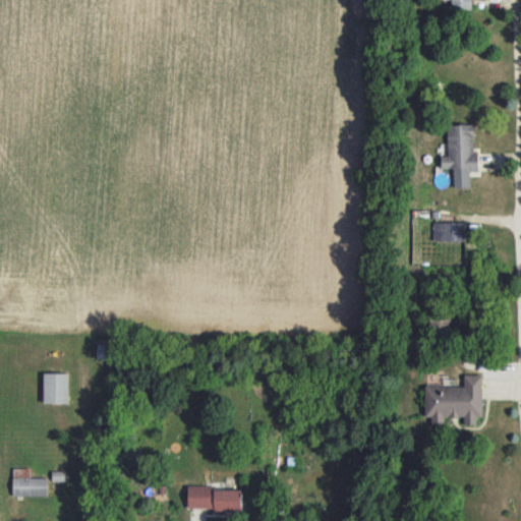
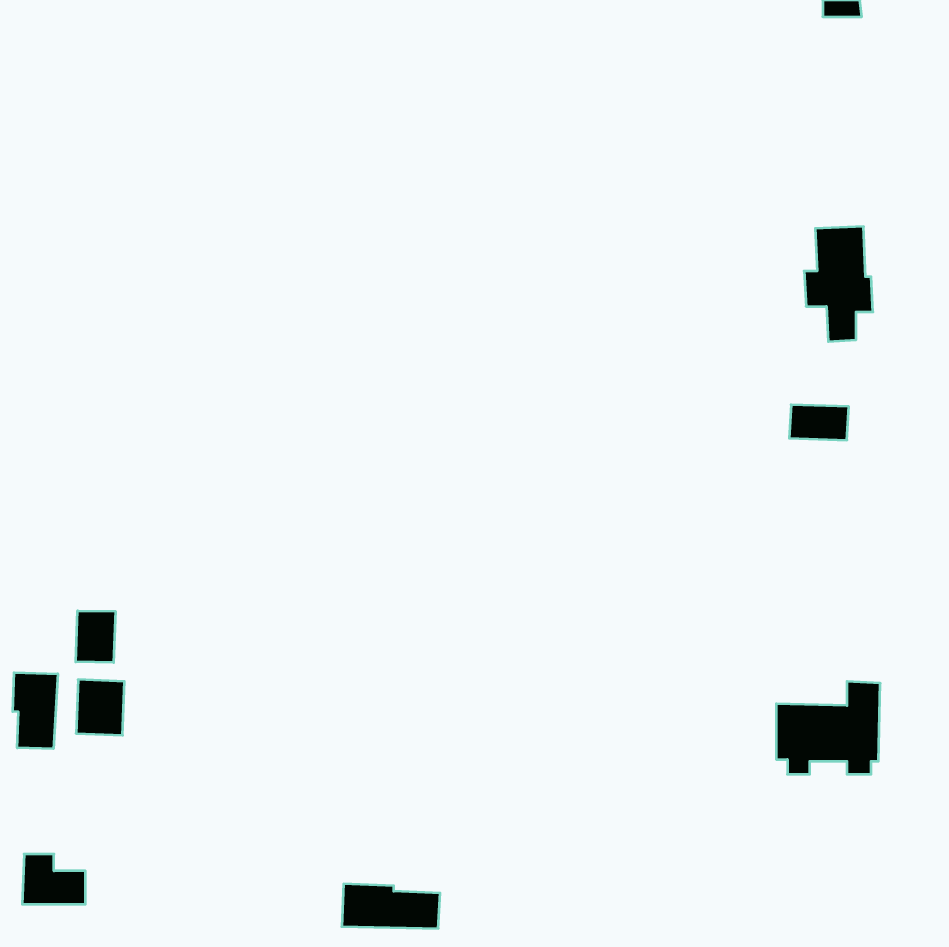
building: none -> [76,611,115,663]
building: none -> [13,673,58,749]

